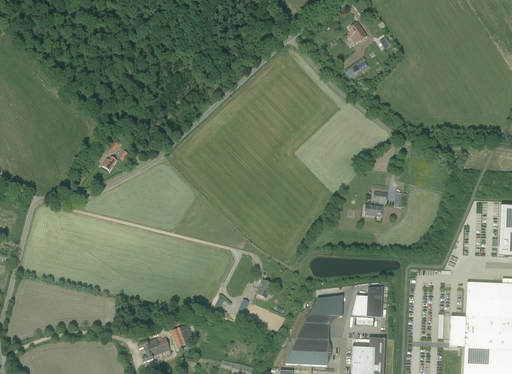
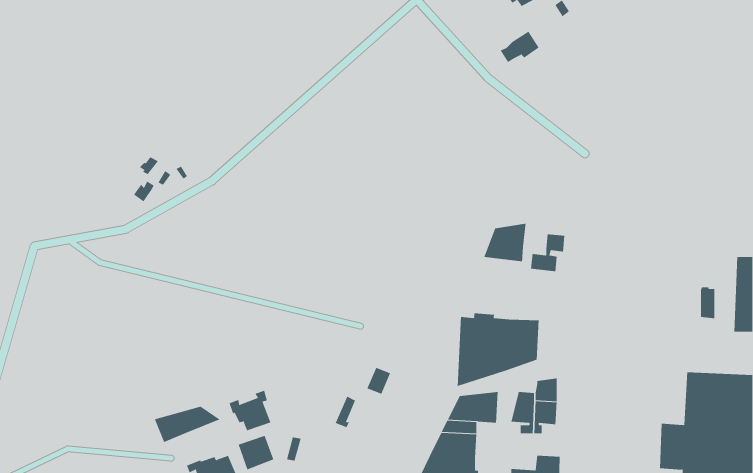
building: none -> [483,223,526,262]
building: none -> [457,312,539,387]
building: none -> [229,390,271,431]
building: none -> [154,406,221,443]

